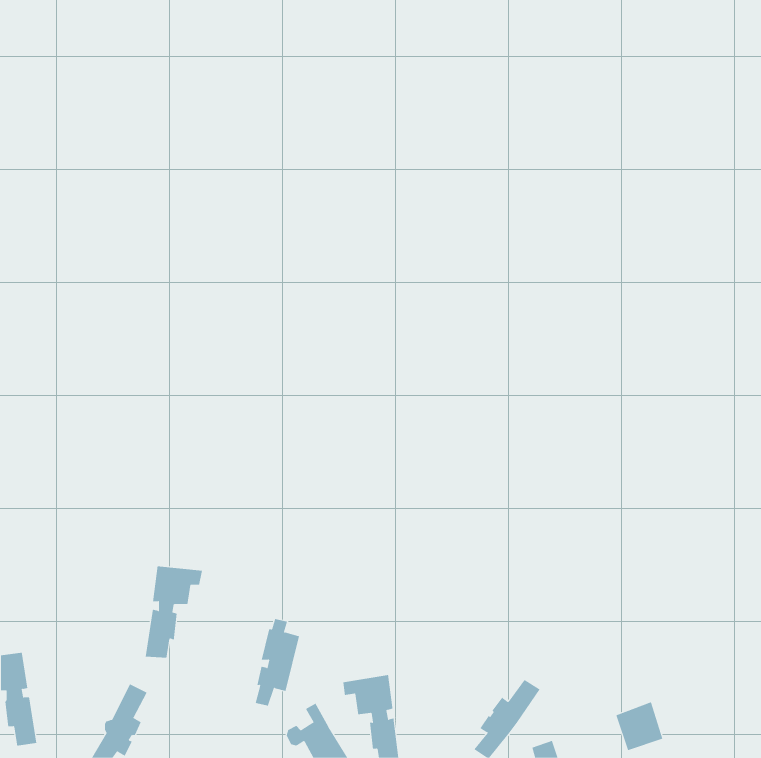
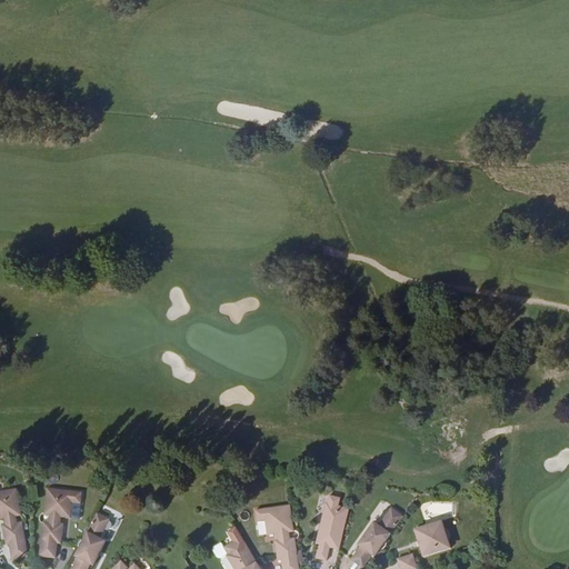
building: [145,566,203,658] -> [39,487,82,556]
building: [255,618,300,706] -> [316,493,349,559]
building: [616,702,663,751] -> [415,519,450,556]

